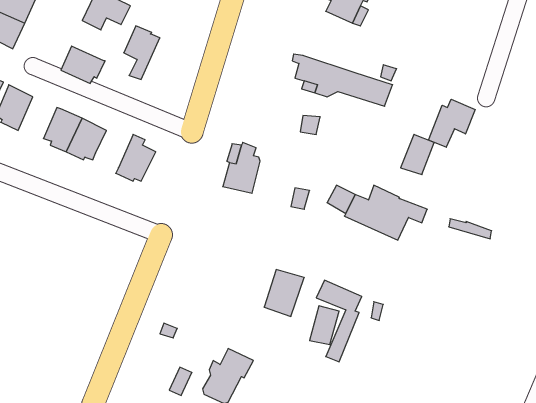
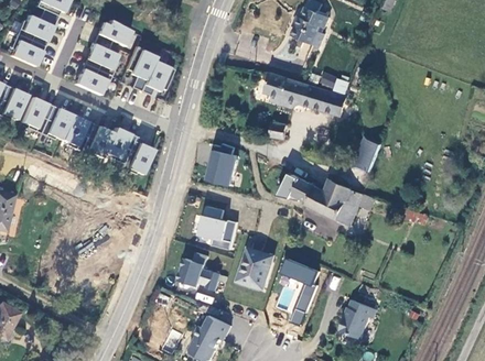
building: none -> [82,43,116,76]
building: none -> [139,57,172,96]
building: none -> [37,106,69,140]
building: [428,99,475,147] -> none
building: none -> [101,128,132,164]
building: none -> [200,205,237,248]
building: none -> [180,251,220,288]
building: none -> [340,296,376,336]

